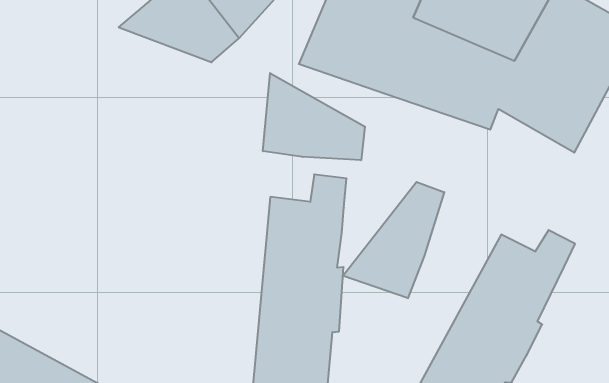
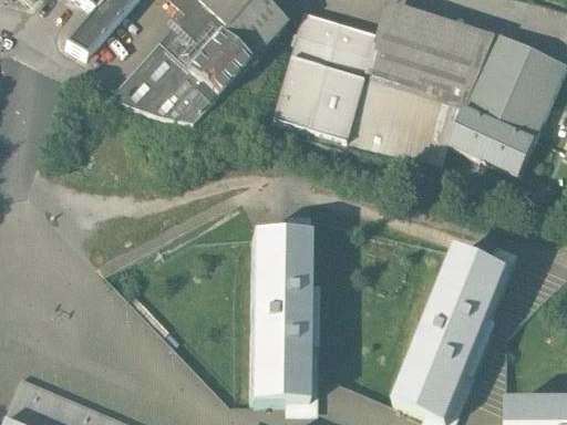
building: [263,73,365,160] -> none
building: [343,182,444,298] -> none

